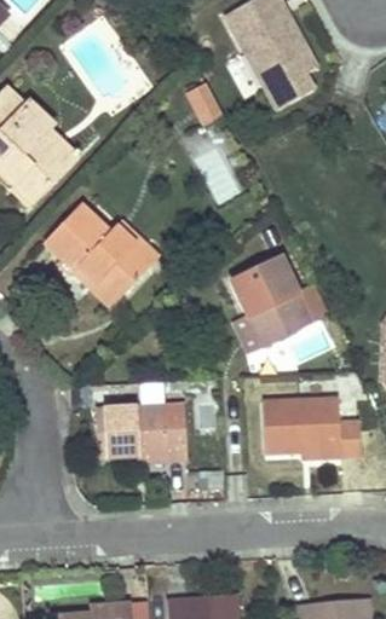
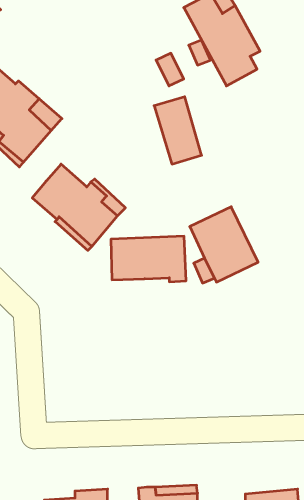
building: [263,399,358,457] -> none
building: [97,406,189,462] -> [111,236,186,282]

